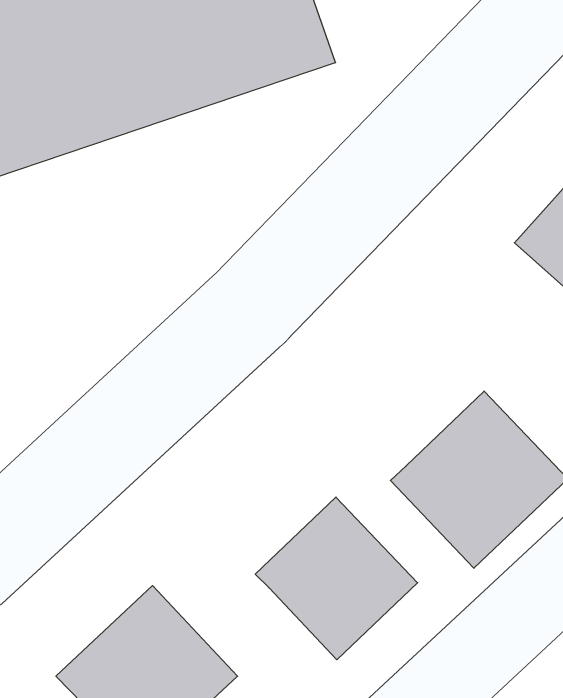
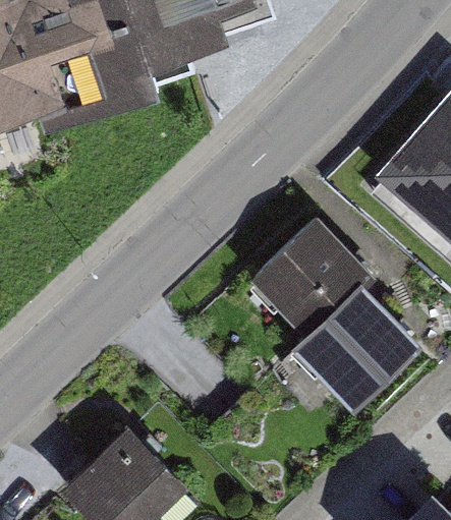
building: none -> [249,215,372,337]
building: [255,497,418,660] -> none

